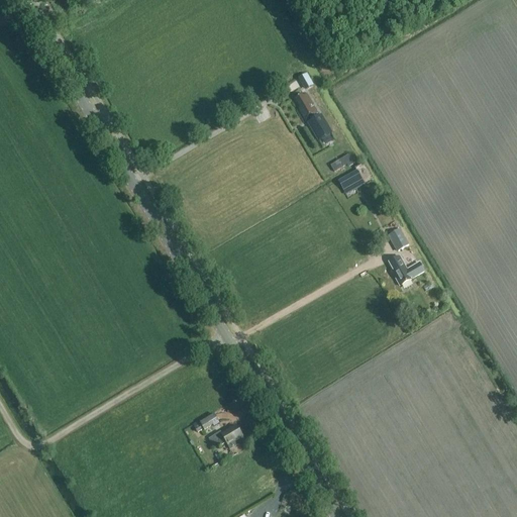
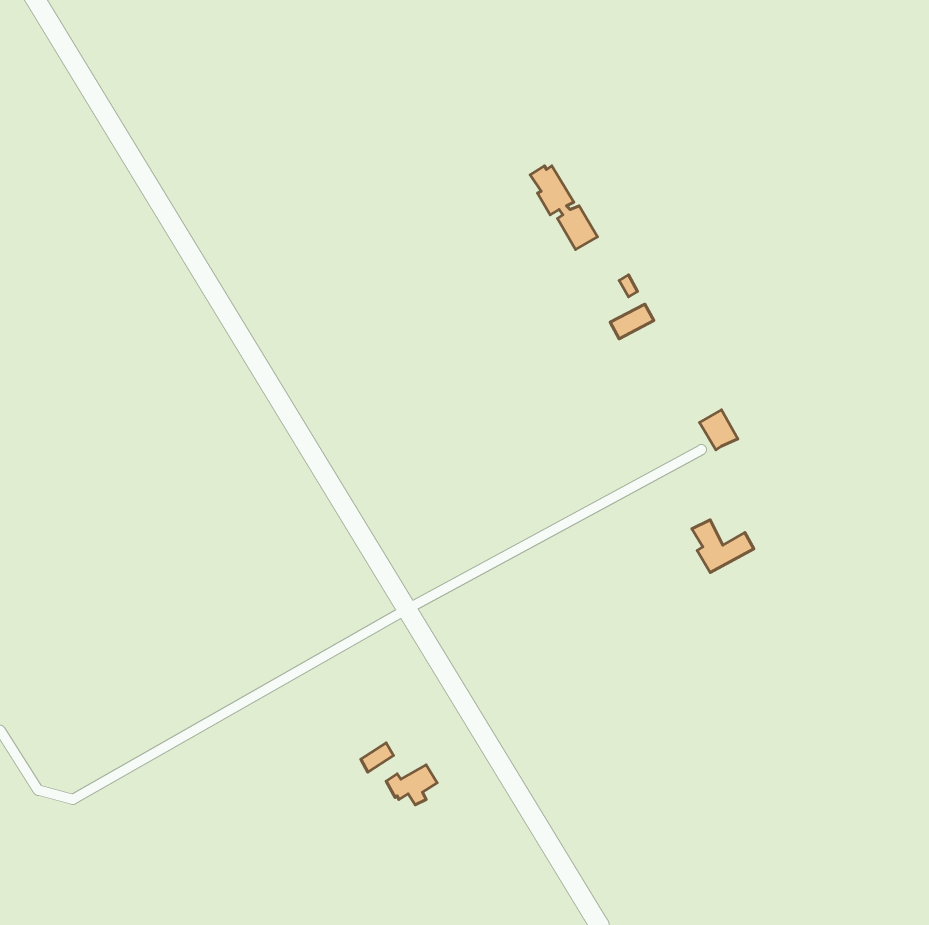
building: [391,254,425,284] -> [692,520,754,572]

